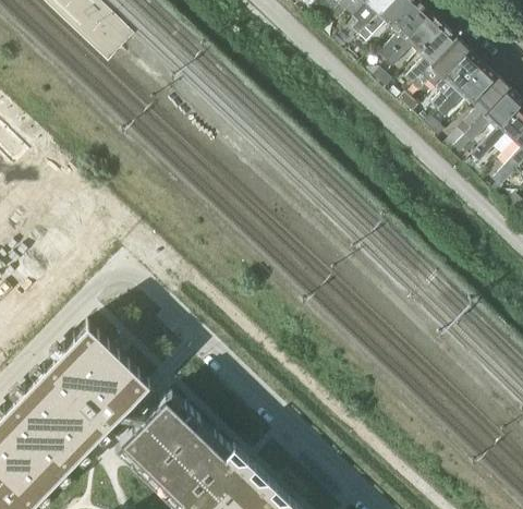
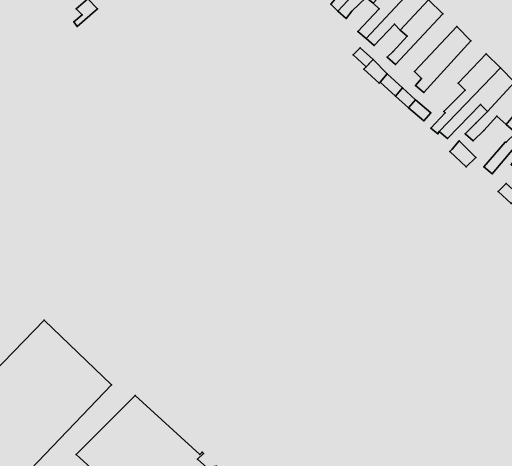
building: [413,41,470,95] -> none
building: [439,66,497,121] -> none

